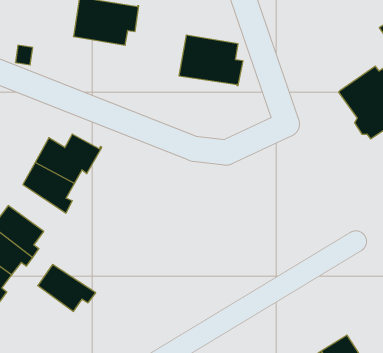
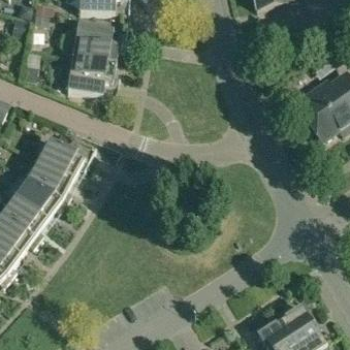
building: [179,35,243,86] -> [64,55,118,97]
building: [38,265,96,311] -> [15,179,64,218]

